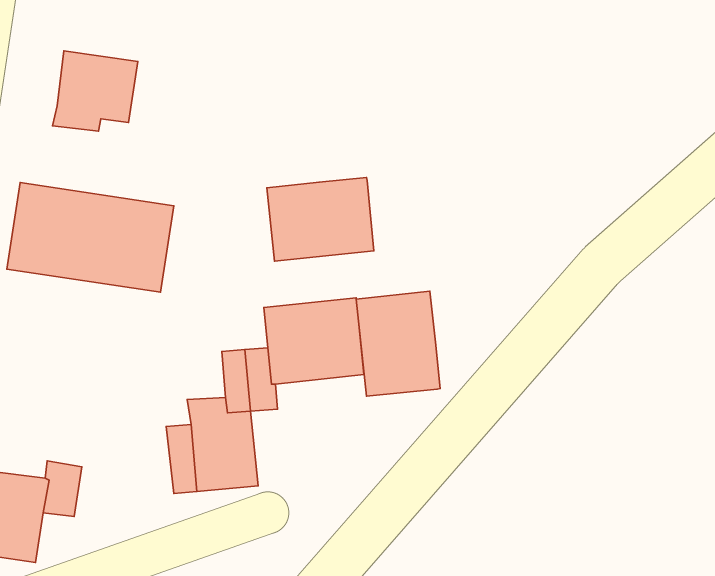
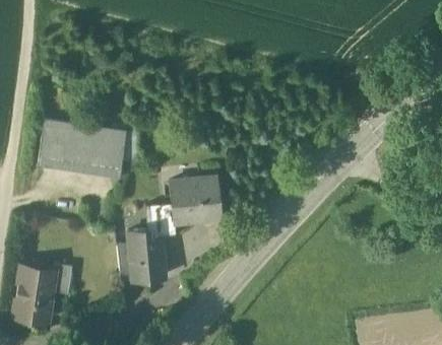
building: [53,51,138,131] -> none
building: [267,177,374,261] -> none
building: [356,291,440,396] -> none

